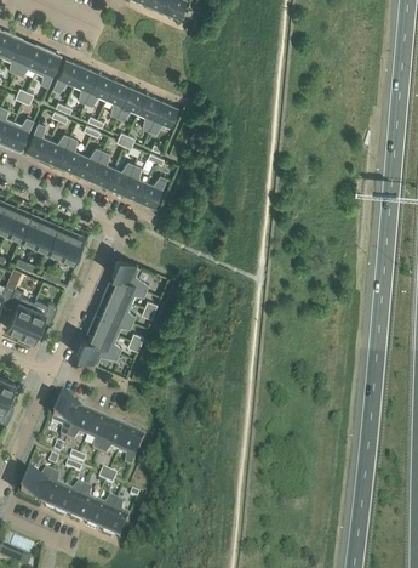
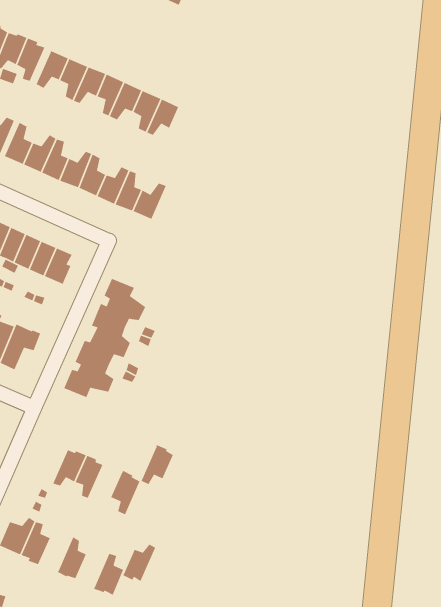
building: [52,402,81,441] -> none
building: [99,421,128,458] -> [141,444,174,485]
building: [56,484,86,517] -> none
building: [87,498,118,532] -> [122,543,156,582]

